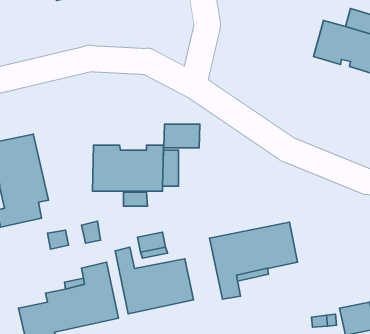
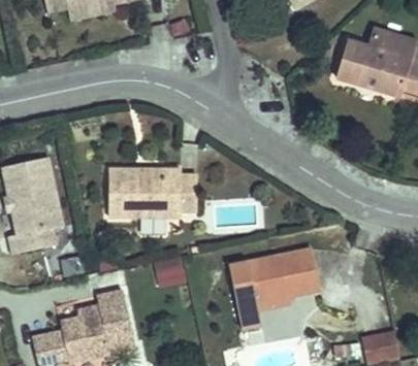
building: [164,124,200,148] -> none
building: [115,247,194,314] -> none

